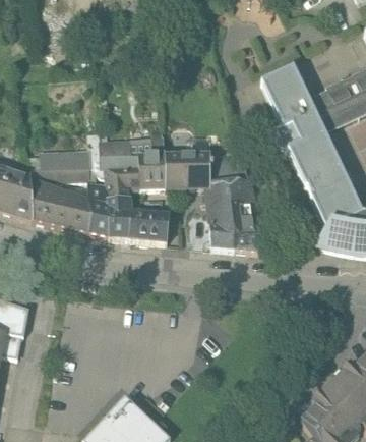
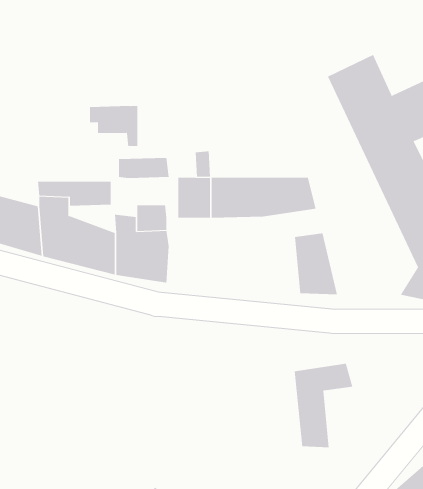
building: [105,159,142,190] -> [89,106,138,147]
building: [208,183,254,248] -> [294,363,353,448]
building: [134,212,174,243] -> none

